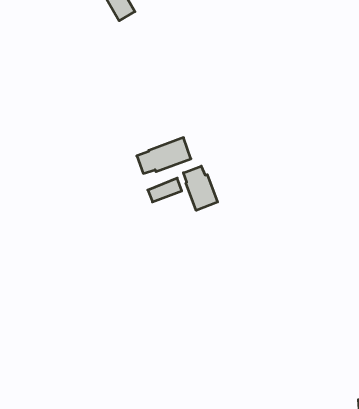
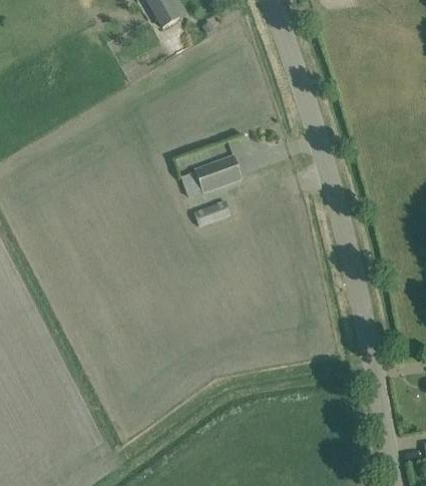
building: [183,166,218,210] -> none

